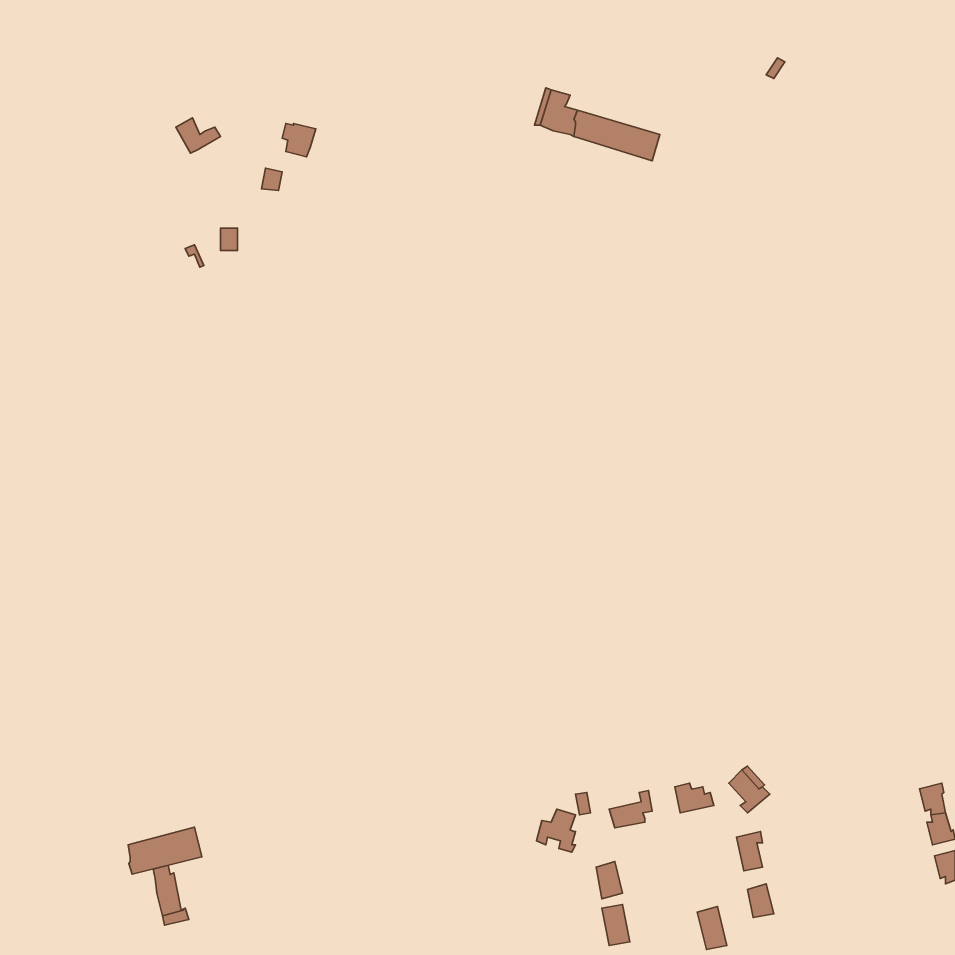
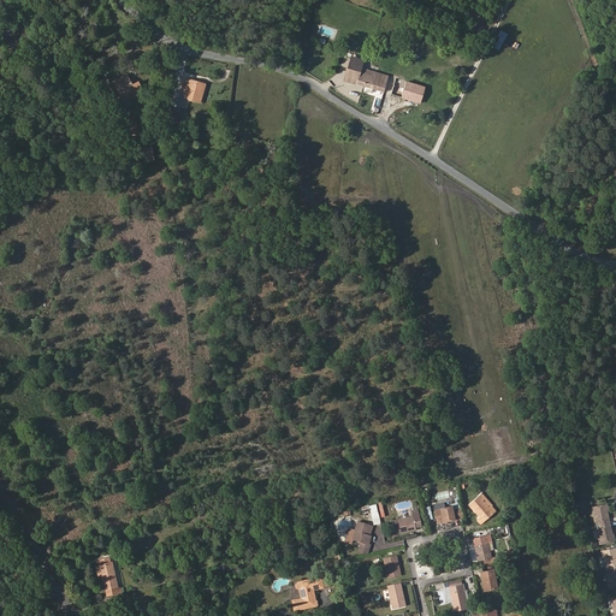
building: [128,827,202,874] -> none
building: none -> [294,579,322,610]

